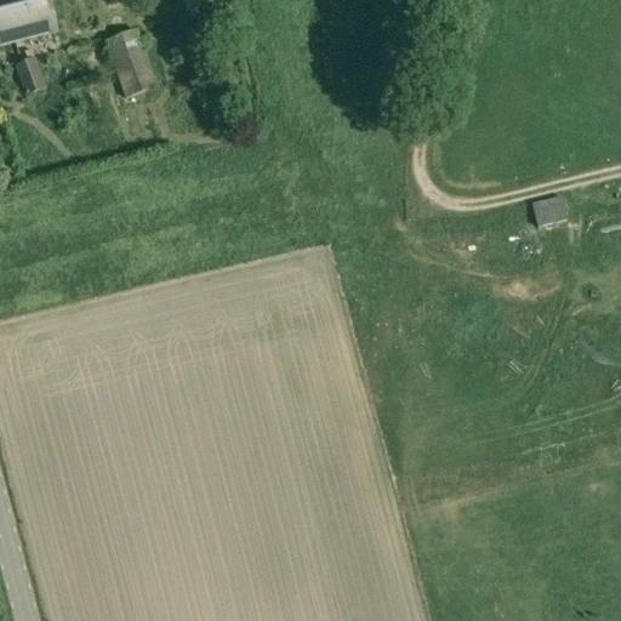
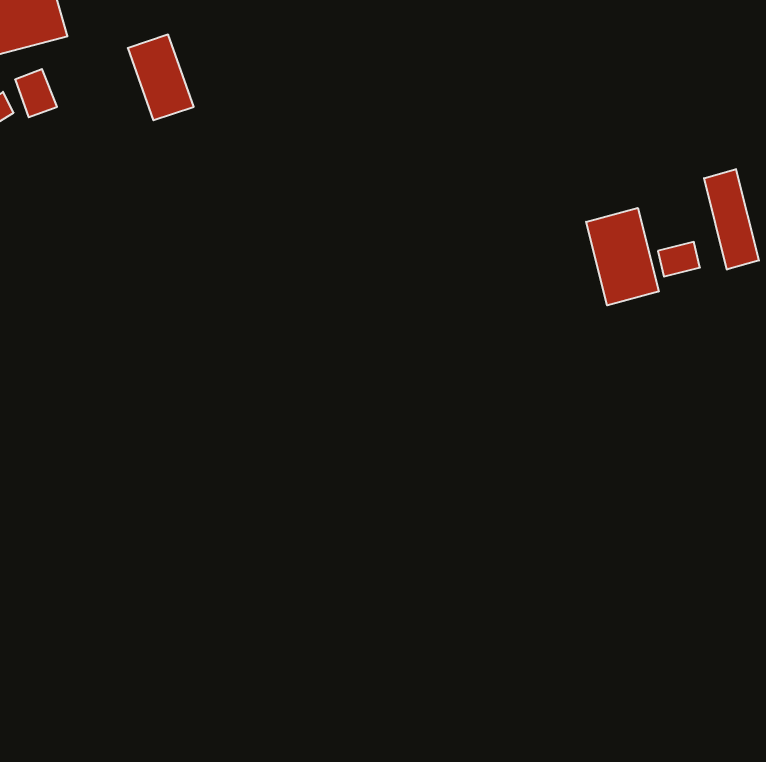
building: none -> [704,169,759,270]
building: none -> [586,208,659,305]

